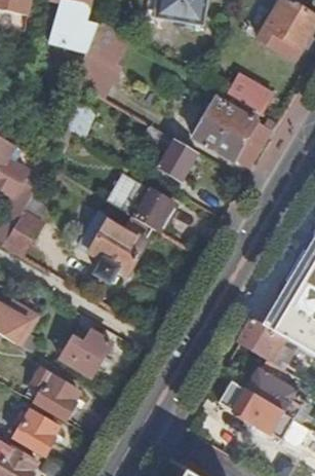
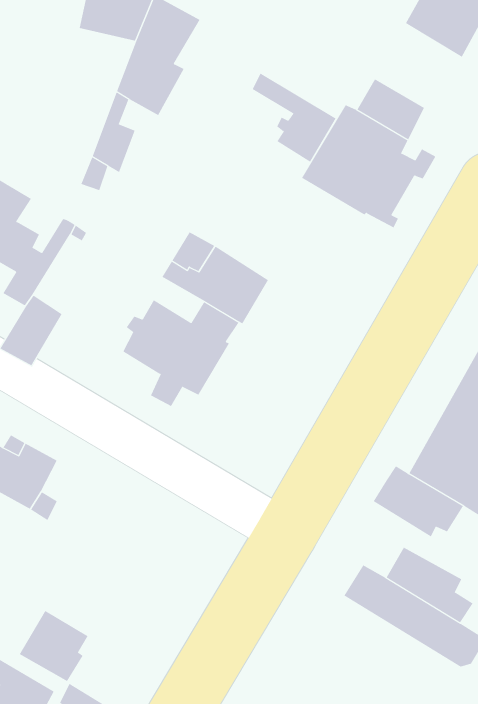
building: [143,123,196,180] -> [252,73,336,162]
building: [60,324,111,375] -> none
building: [31,367,78,419] -> none

